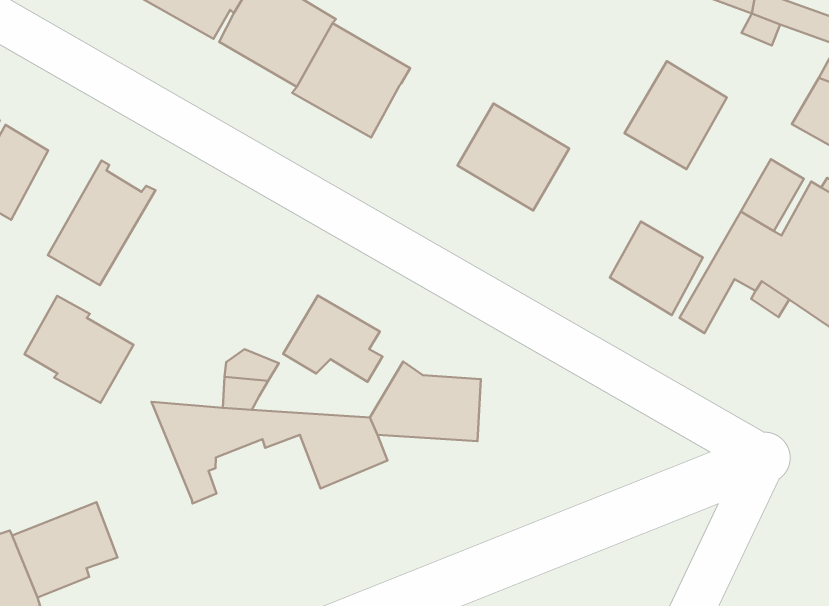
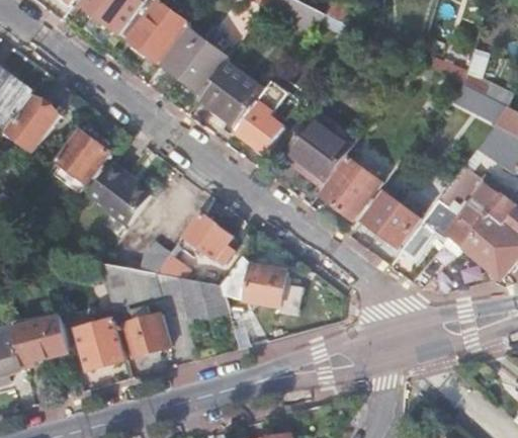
building: none -> [238,82,299,153]
building: [625,61,727,169] -> [320,158,379,220]
building: [24,296,133,403] -> [88,163,150,226]
building: none -> [122,314,170,357]
building: none -> [77,320,125,369]

